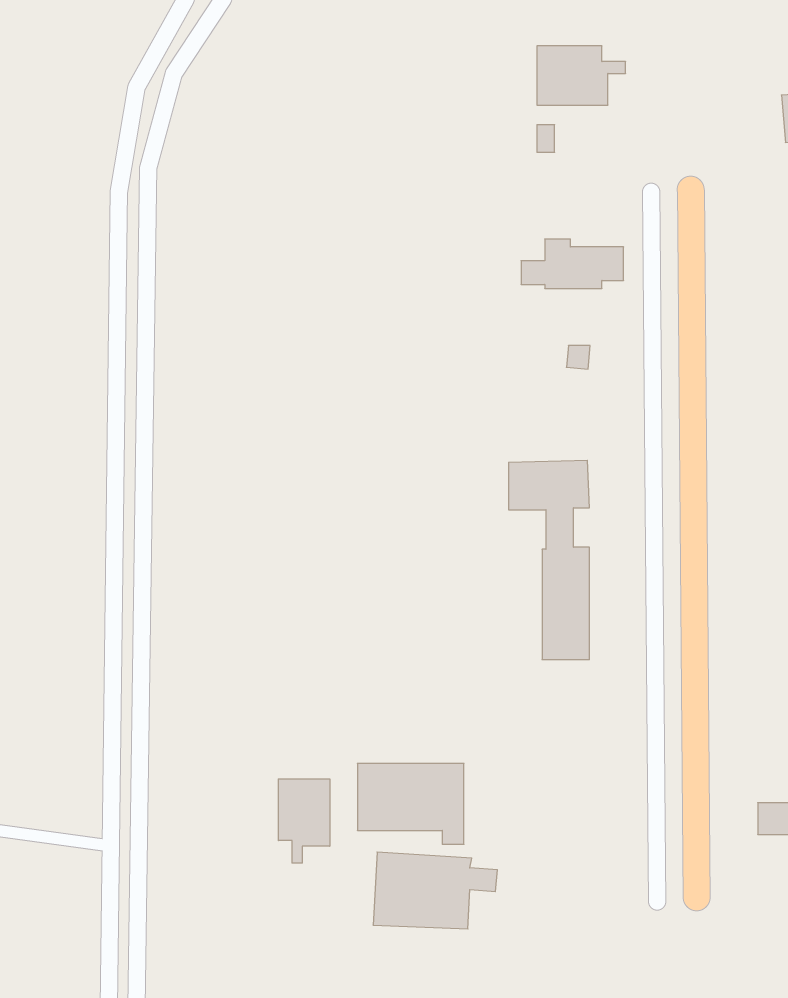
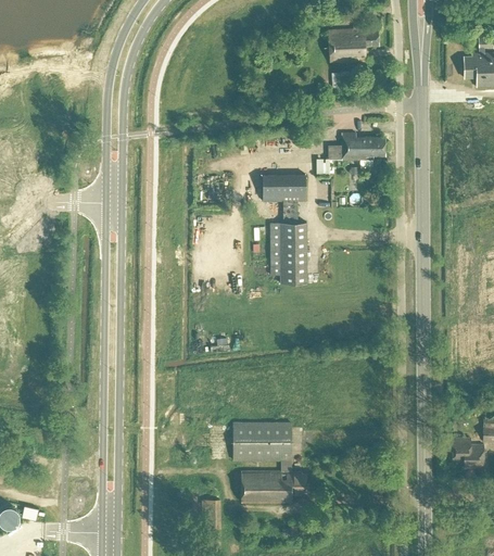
building: [509,460,589,660] -> [256,174,301,283]
building: [278,779,330,863] -> none

